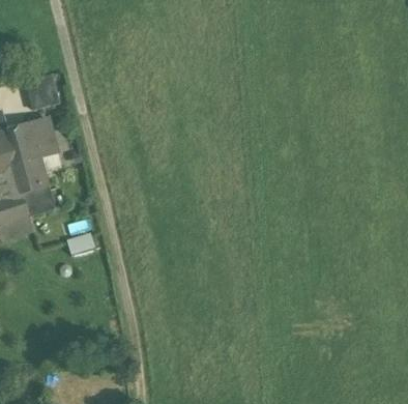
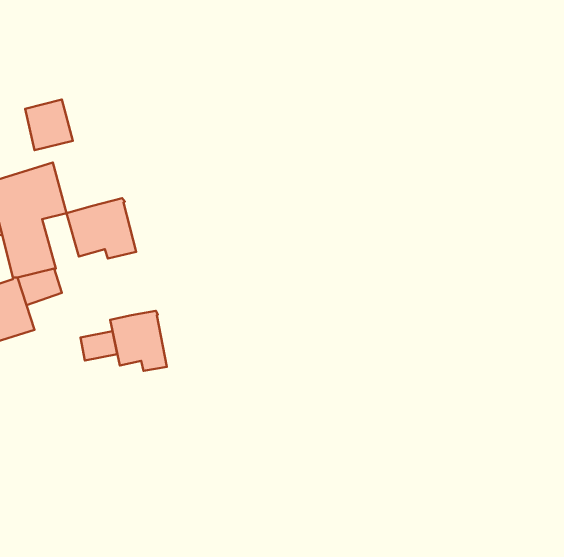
building: none -> [67,198,136,259]
building: none -> [110,311,167,371]

